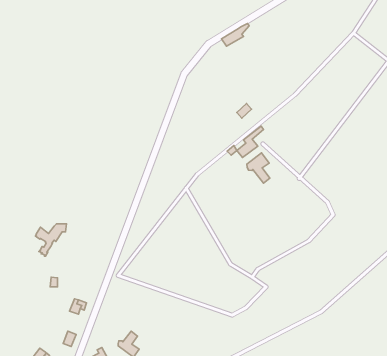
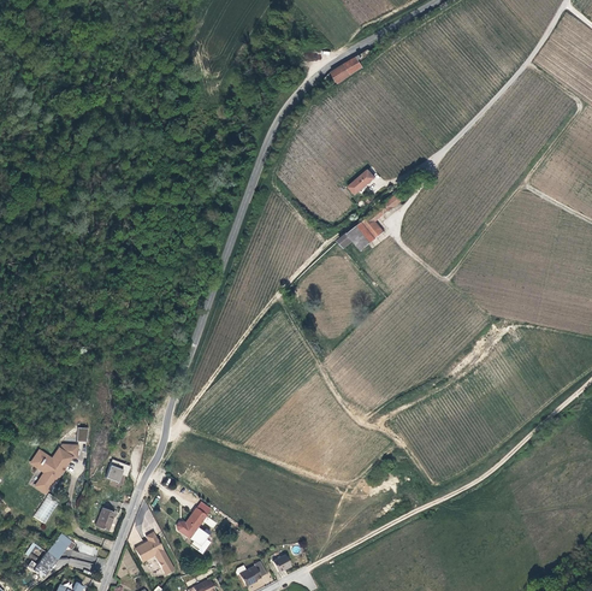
building: [247,153,270,183] -> none
building: [36,224,66,256] -> [31,445,77,494]

